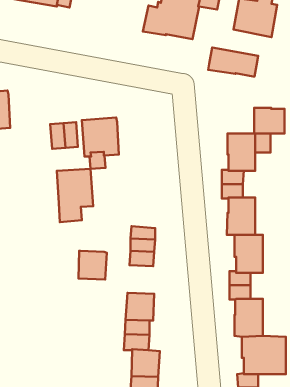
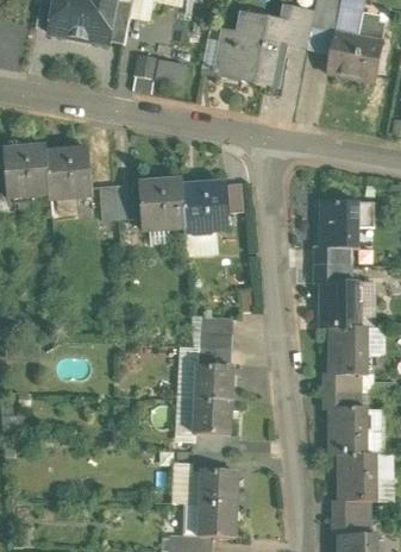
building: none -> [149,54,187,83]
building: [208,47,258,77] -> none
building: none -> [46,148,92,199]
building: [254,108,284,134] -> none
building: [57,169,93,222] -> [182,183,227,250]
building: [78,251,107,280] -> [195,364,231,400]

